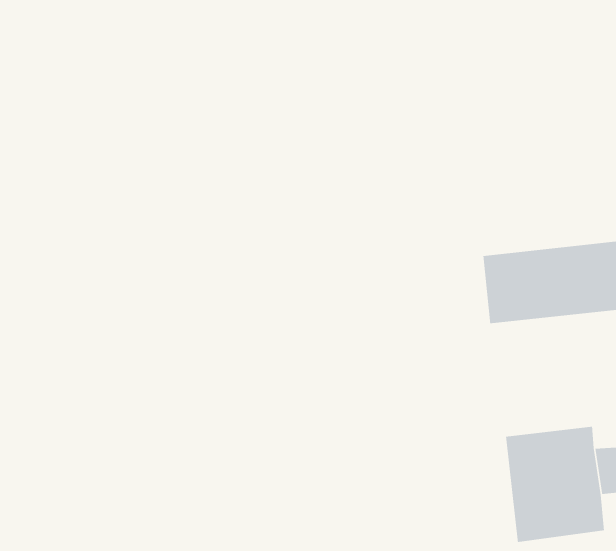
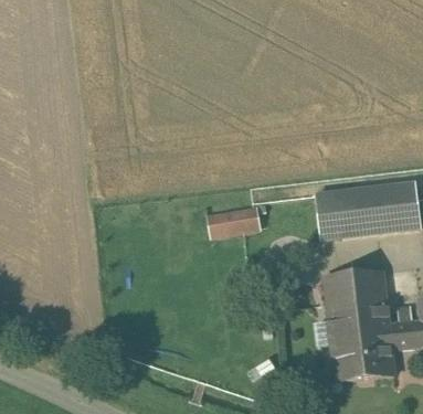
building: none -> [208,204,260,236]
building: none -> [325,268,385,310]

